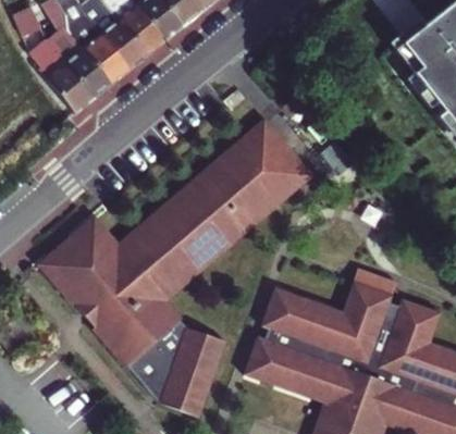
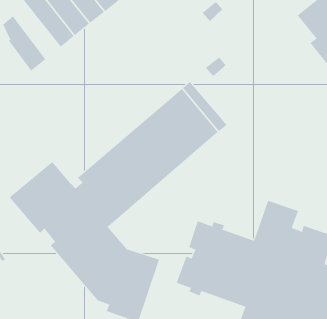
building: [47,29,104,96] -> none

